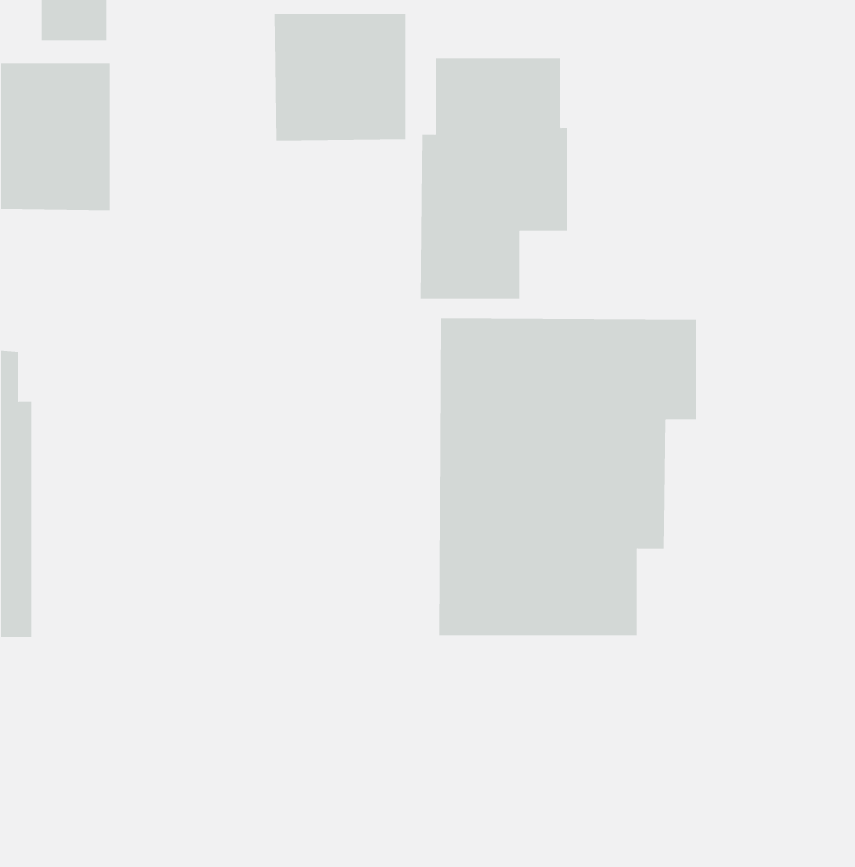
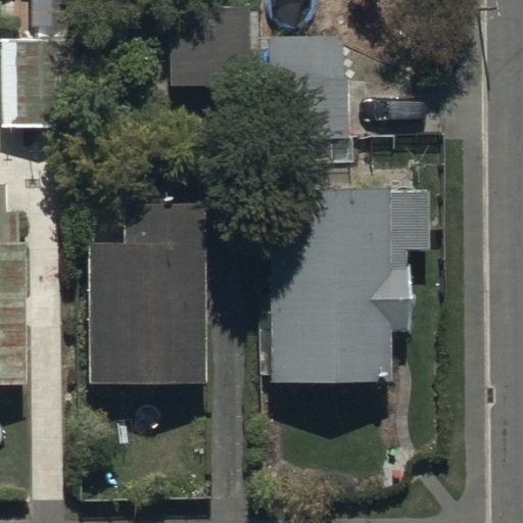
building: none -> [88,189,205,382]

